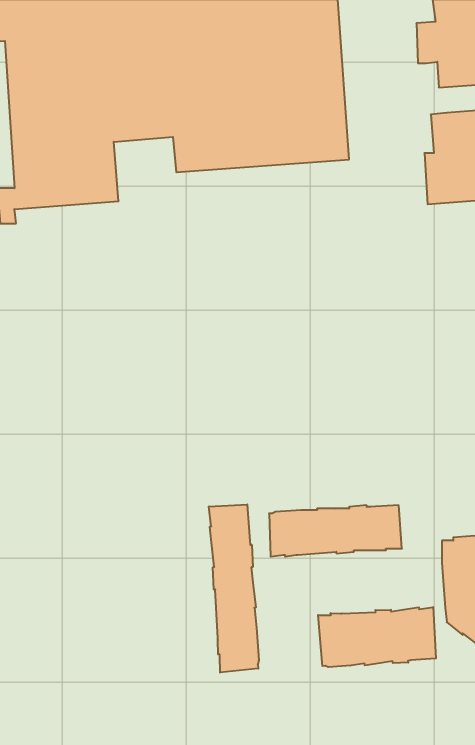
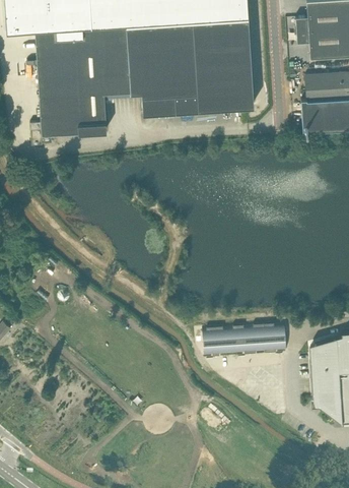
building: [209,504,259,673] -> none
building: [318,607,436,667] -> none

